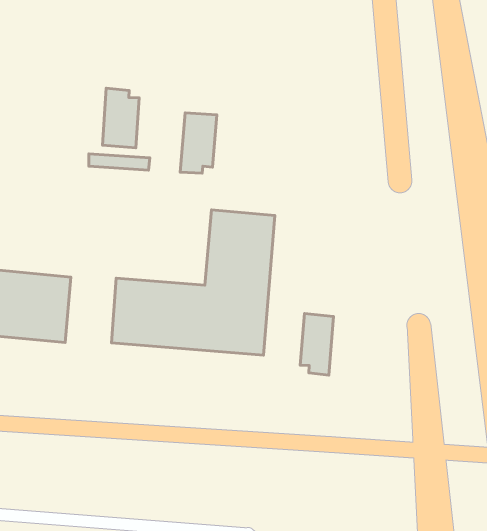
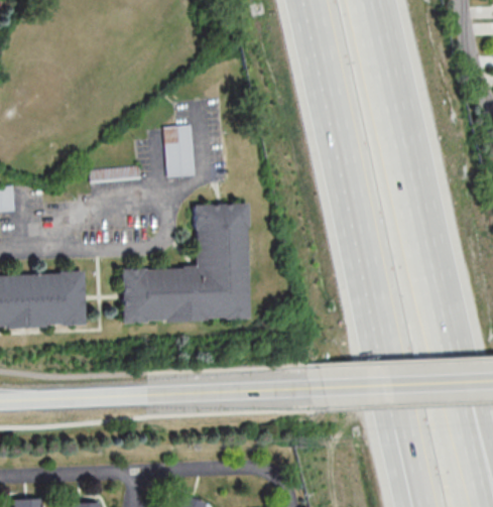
building: [103,88,139,148] -> none
building: [300,314,334,375] -> none

